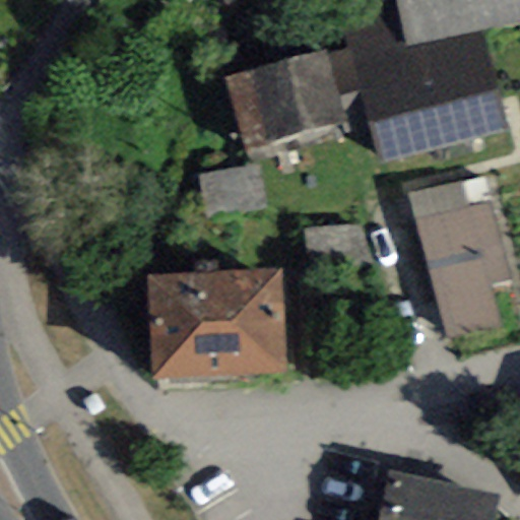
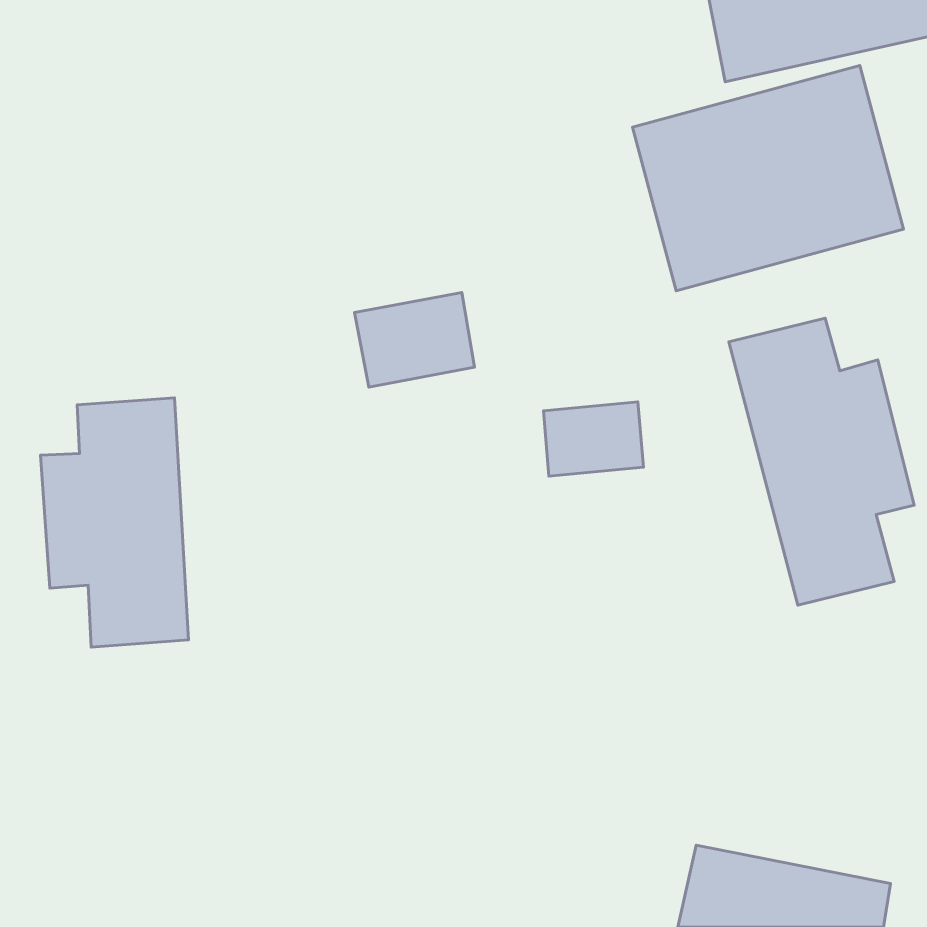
building: [224,47,344,148] -> none
building: none -> [40,398,188,647]
building: [148,268,286,380] -> none

